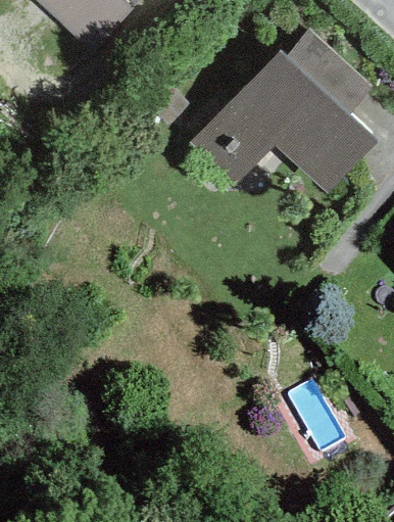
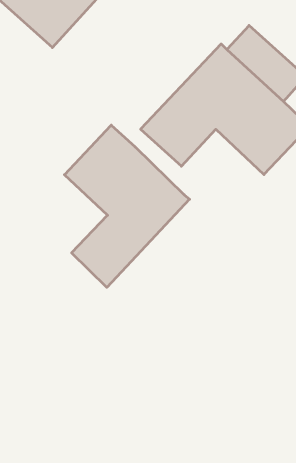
building: none -> [64,125,190,287]

